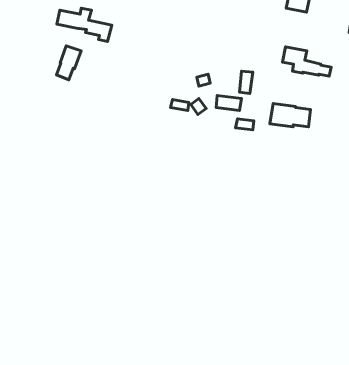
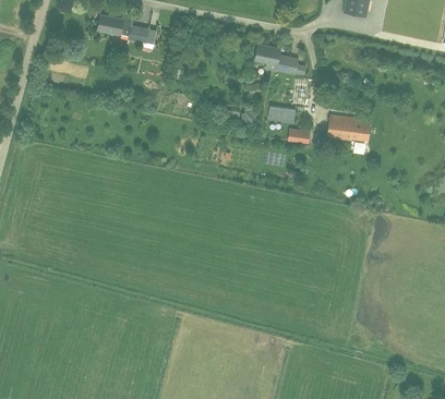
building: [56,46,81,80] -> none
building: [282,47,331,76] -> [254,44,306,75]

